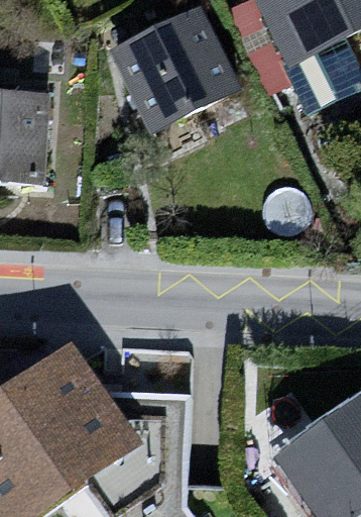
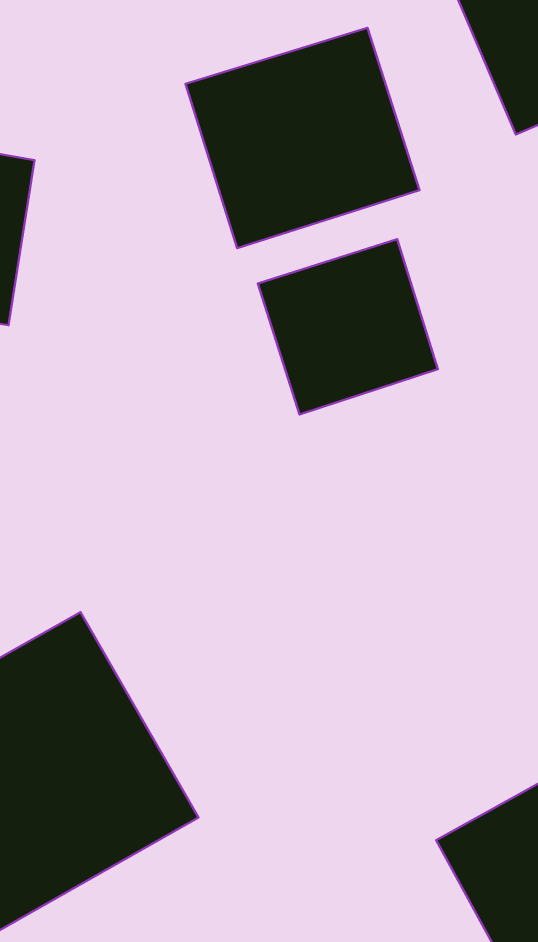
building: none -> [258,239,438,415]

